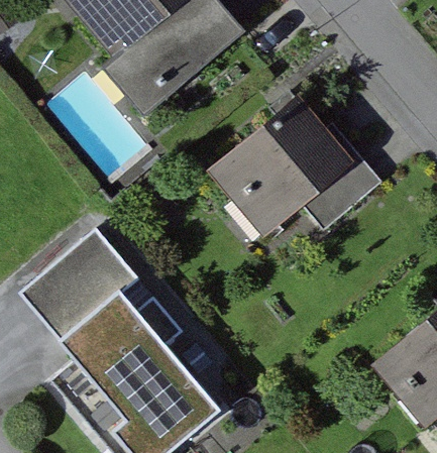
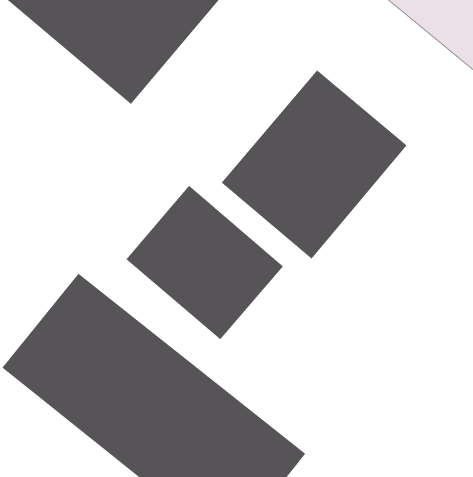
building: none -> [125,185,284,340]

